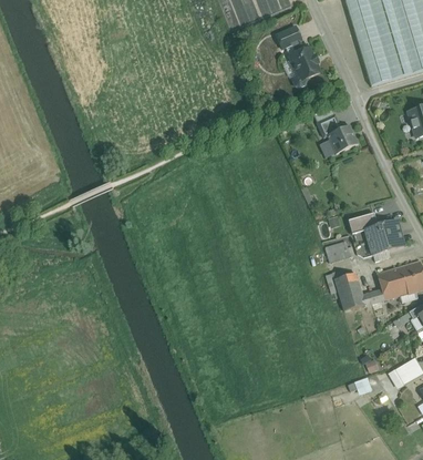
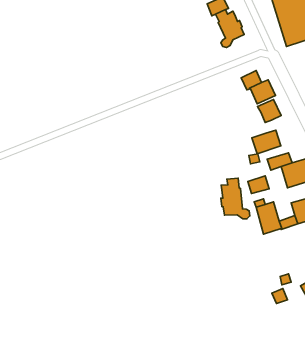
building: none -> [258,100,281,123]
building: none -> [252,130,281,154]
building: none -> [221,178,250,219]

